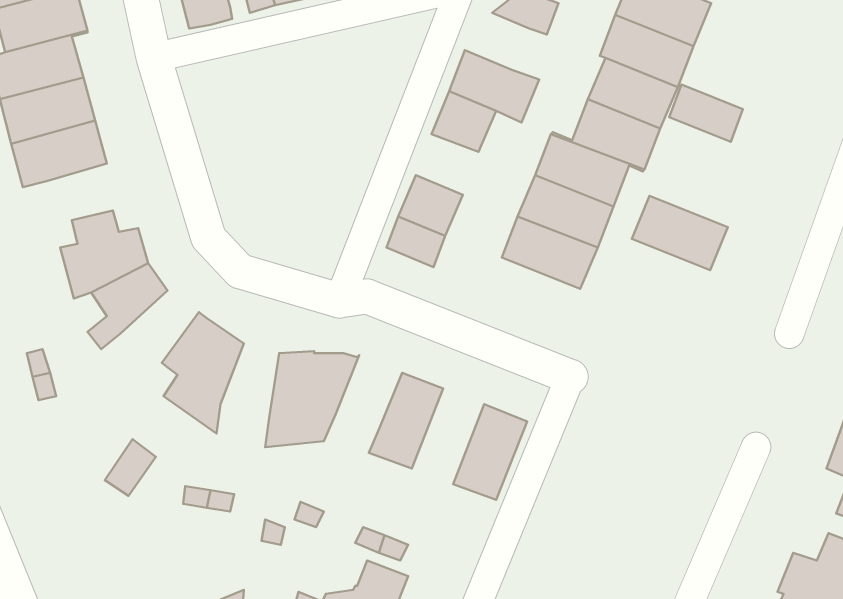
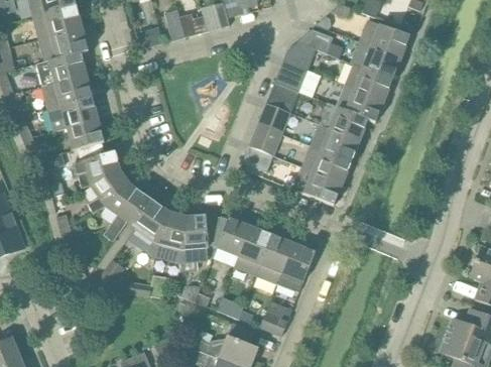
building: none -> [282,40,316,70]
building: [669,85,743,142] -> none
building: none -> [257,103,289,134]
building: none -> [67,118,104,149]
building: [632,196,728,270] -> [292,166,342,205]
building: none -> [103,183,145,241]
building: none -> [154,211,187,264]
building: none -> [216,217,250,255]
building: none -> [255,234,292,283]
building: none -> [259,304,290,336]

